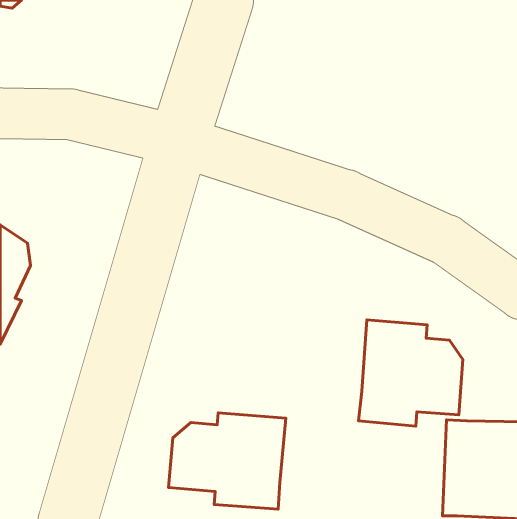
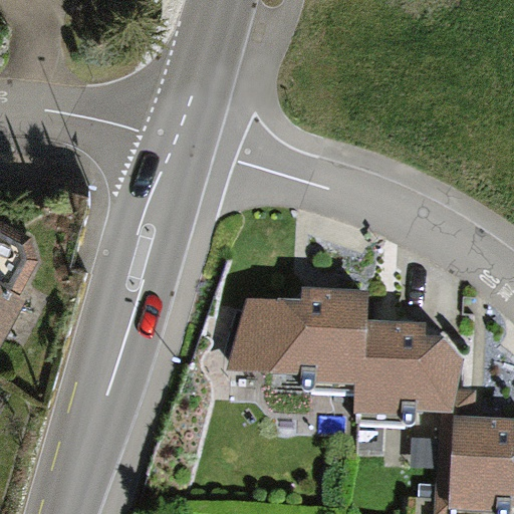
building: none -> [235,287,368,388]
building: [168,413,286,509] -> none

